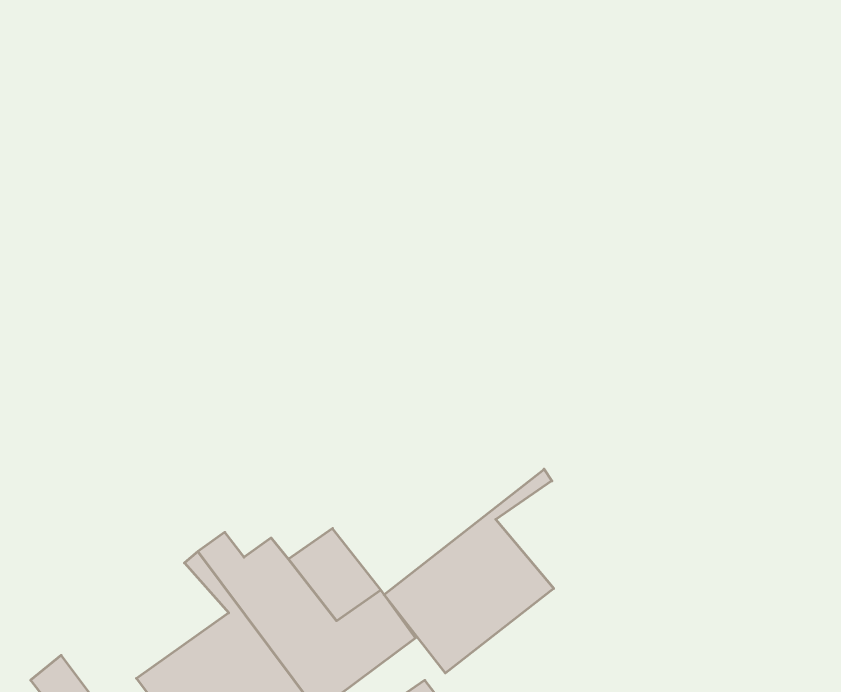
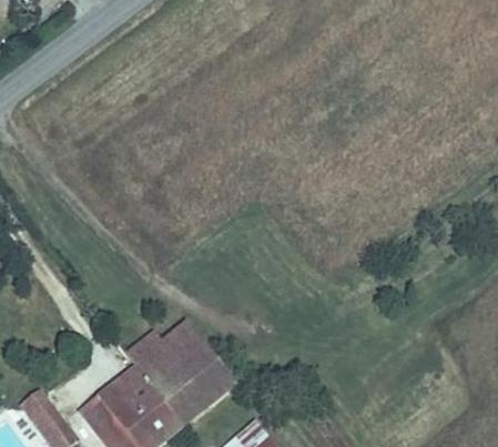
building: [384,469,554,673] -> none

